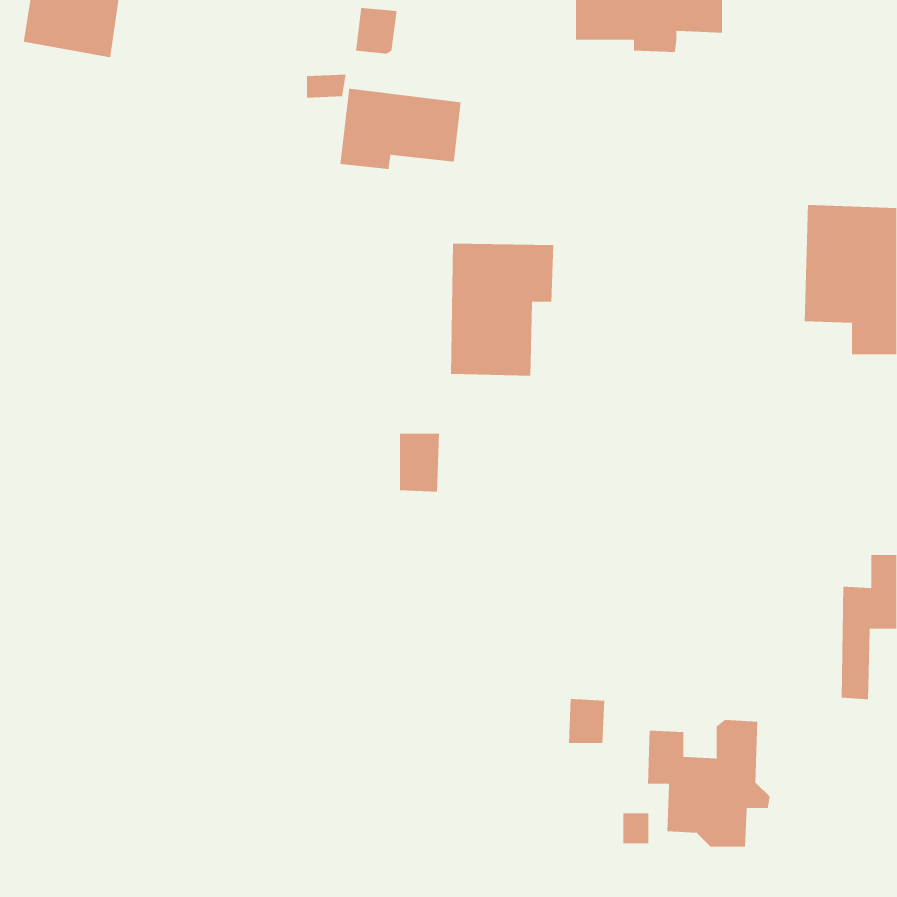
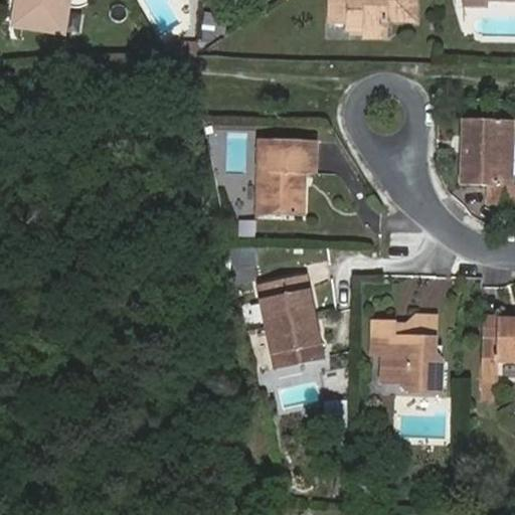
building: [339,88,462,170] -> none
building: none -> [256,273,325,368]
building: [647,719,770,848] -> [372,316,443,389]

